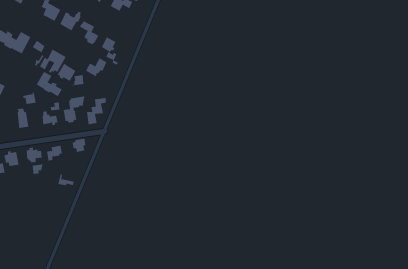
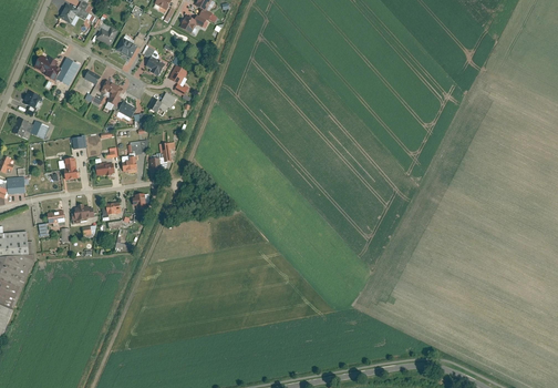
building: [36,71,62,97] -> none

